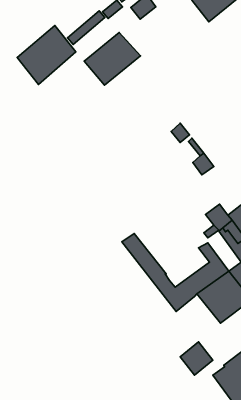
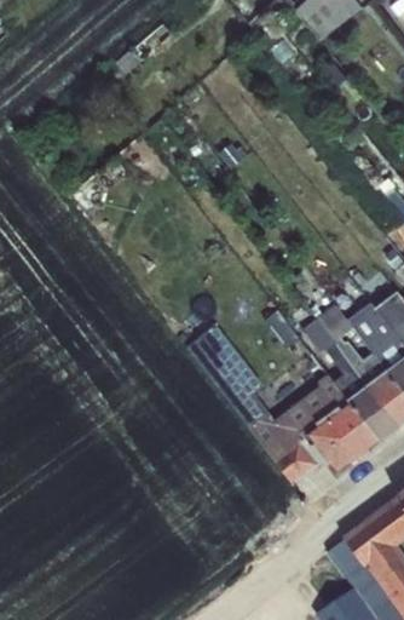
building: [17,26,76,85] -> none
building: [84,33,140,85] -> none
building: [180,342,213,375] -> [273,436,321,484]

